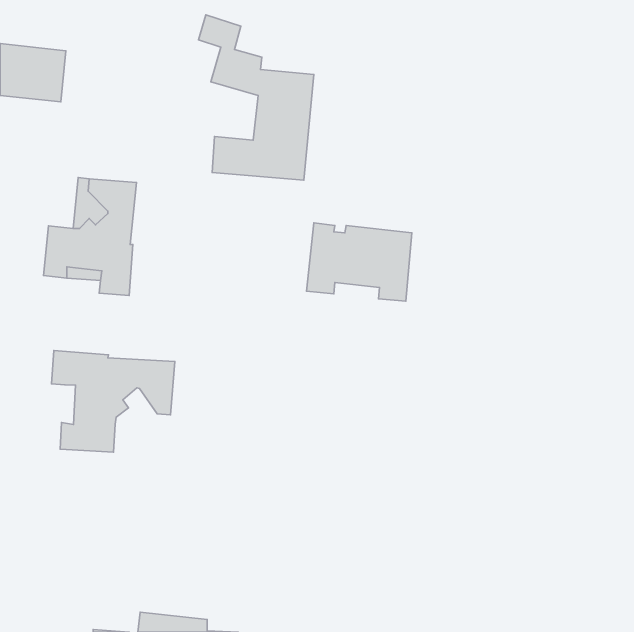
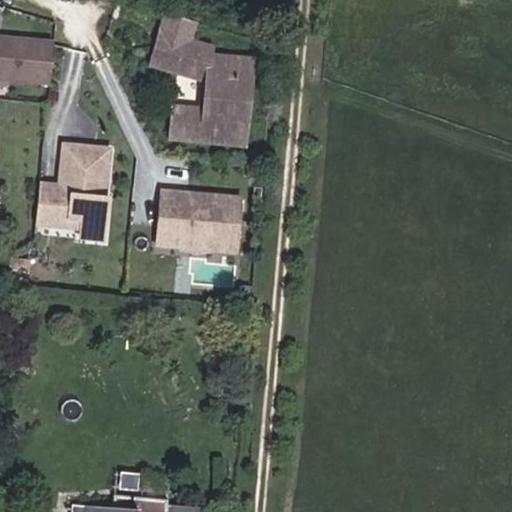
building: none -> [150,32,208,113]
building: [306,223,412,301] -> [156,190,241,253]
building: [51,350,175,452] -> none

